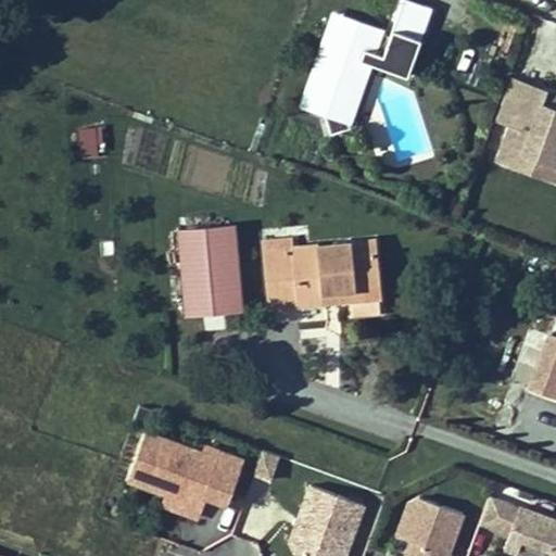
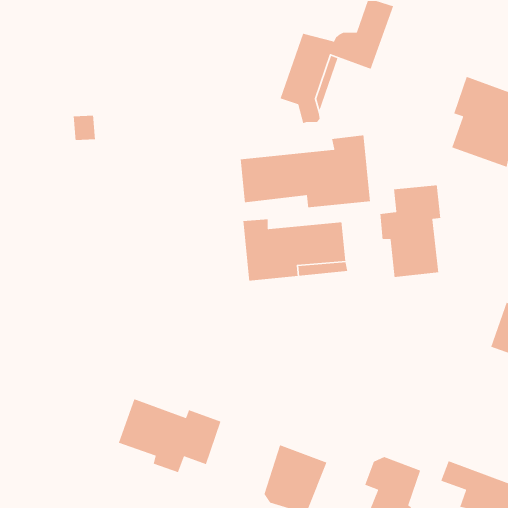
building: [301,14,381,110] -> none
building: none -> [240,134,371,208]
building: none -> [379,185,441,278]
building: [182,228,244,315] -> none

